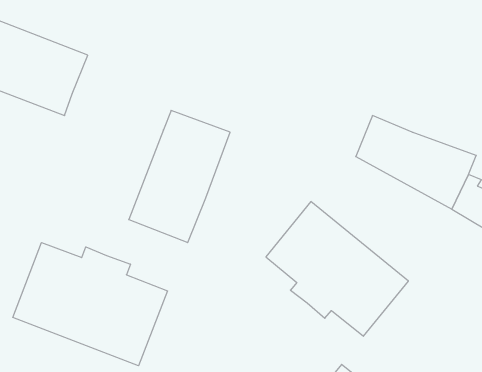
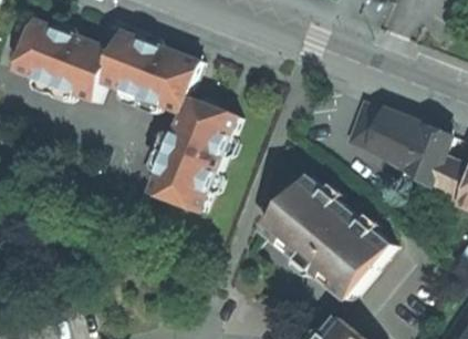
building: none -> [101,31,199,114]
building: [13,243,167,366] -> none

